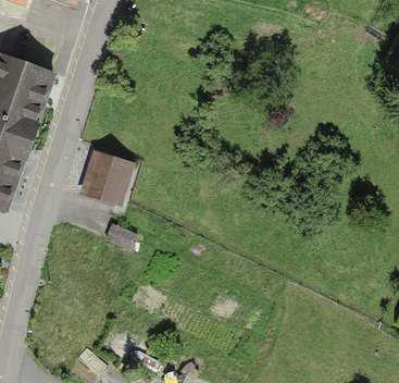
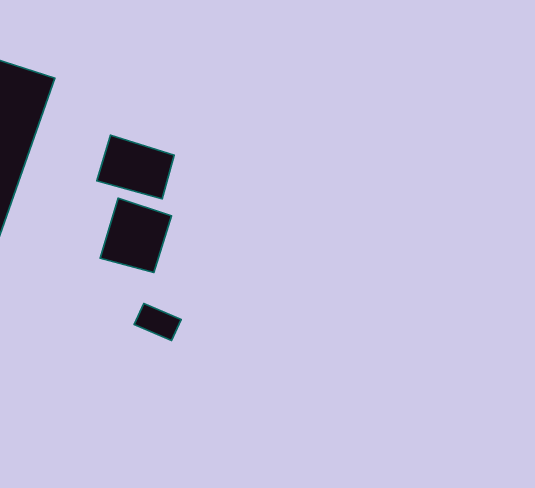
building: none -> [97,135,174,199]

